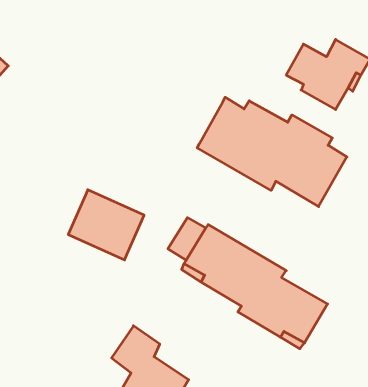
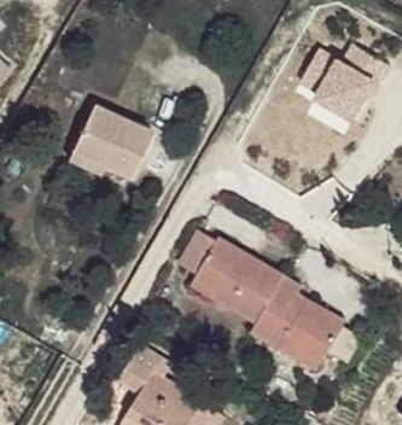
building: [197,97,347,207] -> none
building: [68,190,144,260] -> [74,106,153,180]

